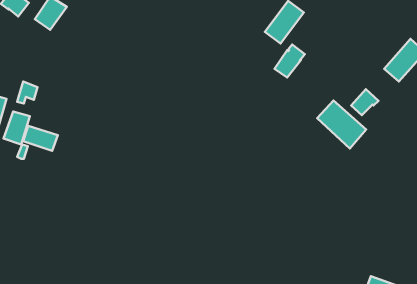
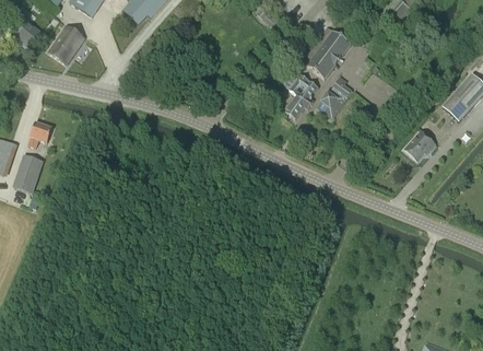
building: none -> [285,77,318,119]
building: [317,100,366,148] -> none
building: [23,126,58,151] -> none

